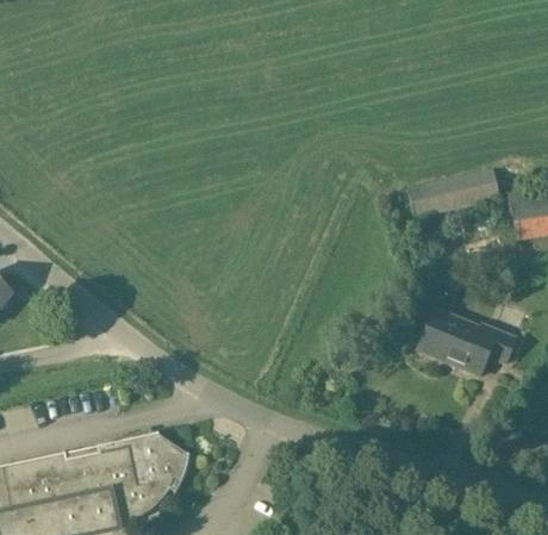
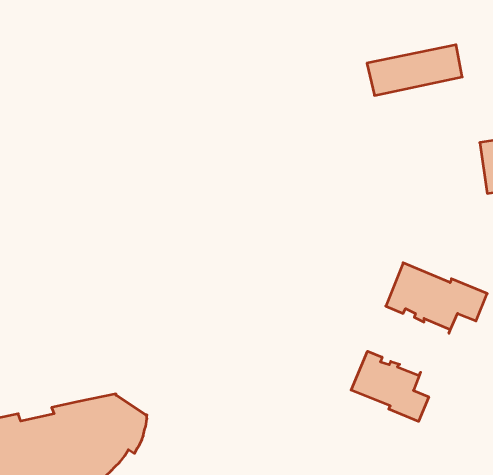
building: [407,168,499,217] -> [367,45,462,95]
building: none -> [351,351,429,421]

